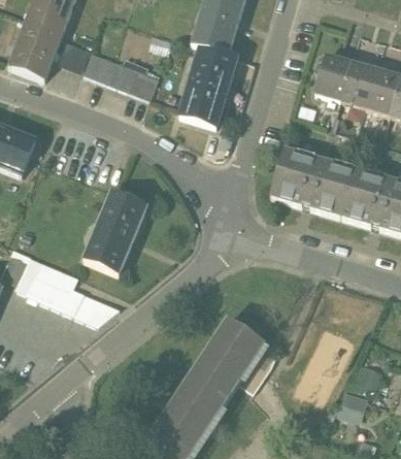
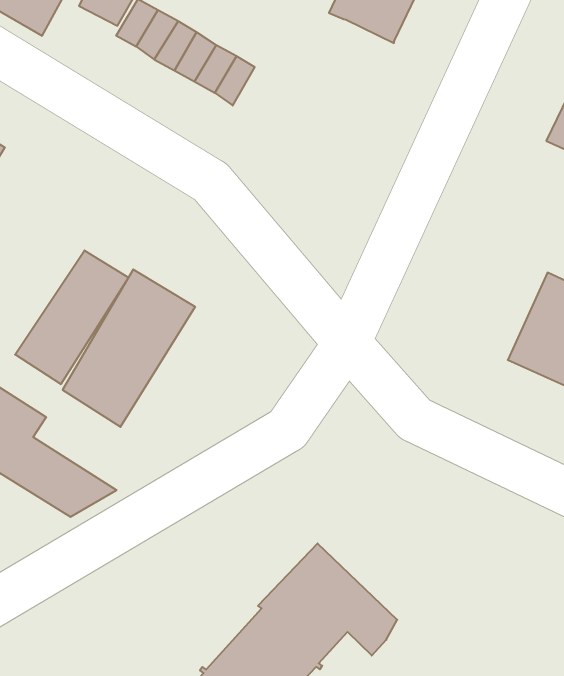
building: [179,44,237,125] -> none
building: [269,146,326,207] -> none
building: none -> [15,250,128,384]

